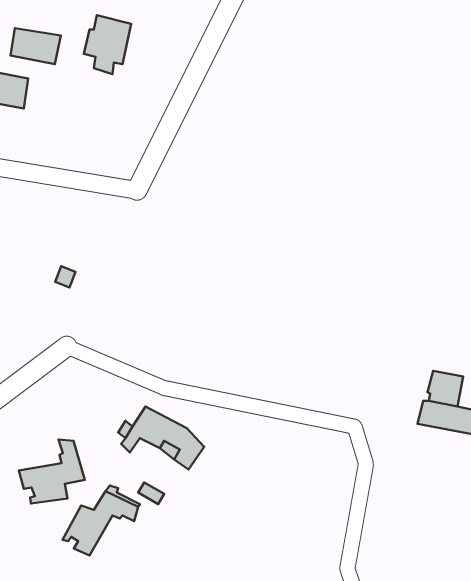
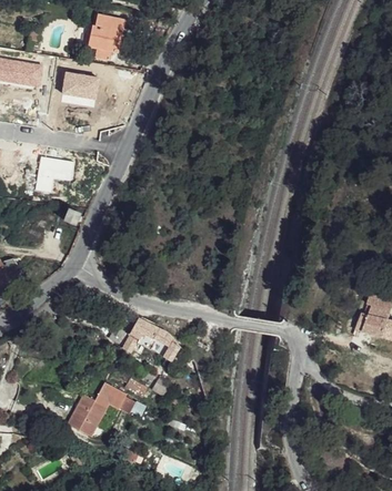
building: [11,28,61,64] -> [61,71,100,99]
building: none -> [33,154,76,194]
building: [19,440,85,504] -> none

